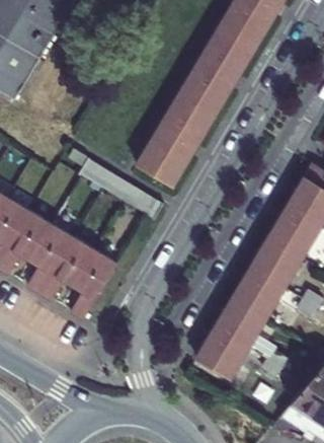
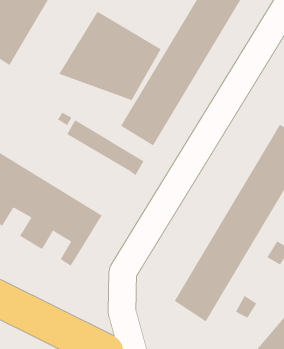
building: none -> [59,11,162,101]

